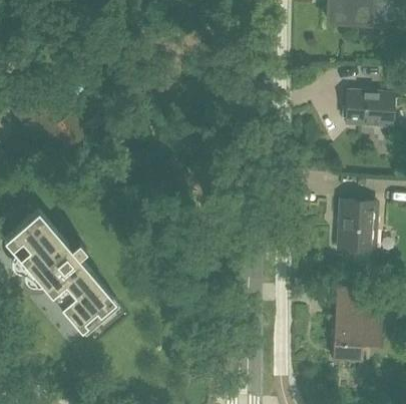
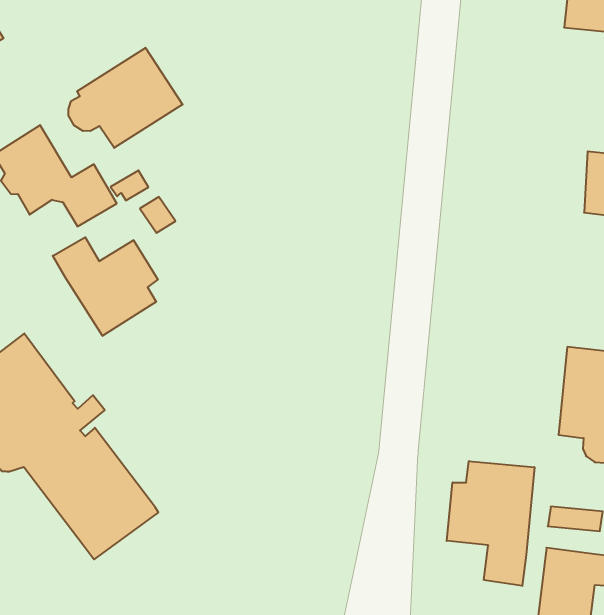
building: none -> [68,48,183,148]
building: none -> [53,237,158,336]
building: none -> [447,461,534,586]

